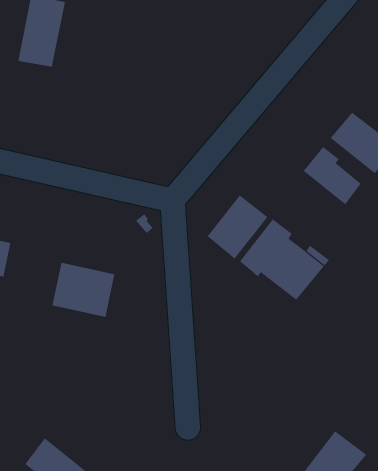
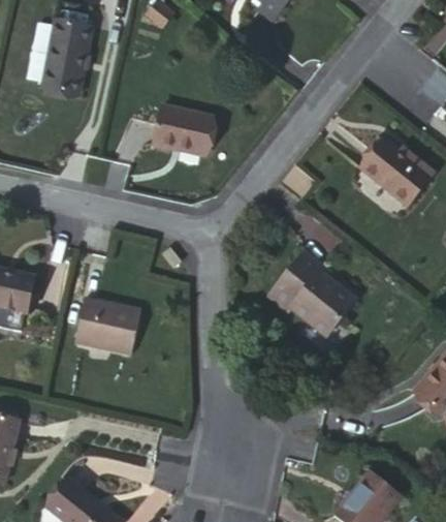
building: none -> [153,104,212,154]
building: [303,146,361,205] -> none
building: [207,195,268,259] -> none

